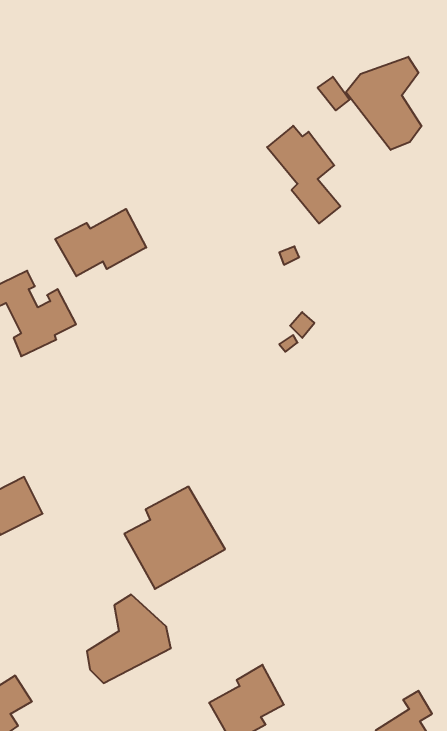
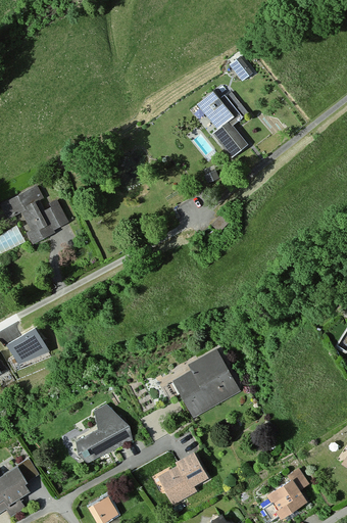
building: [346,57,422,150] -> none
building: [55,209,146,276] -> none
building: [124,487,225,589] -> [172,349,240,418]

